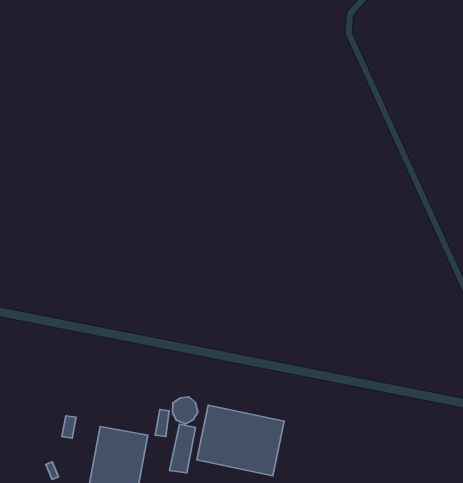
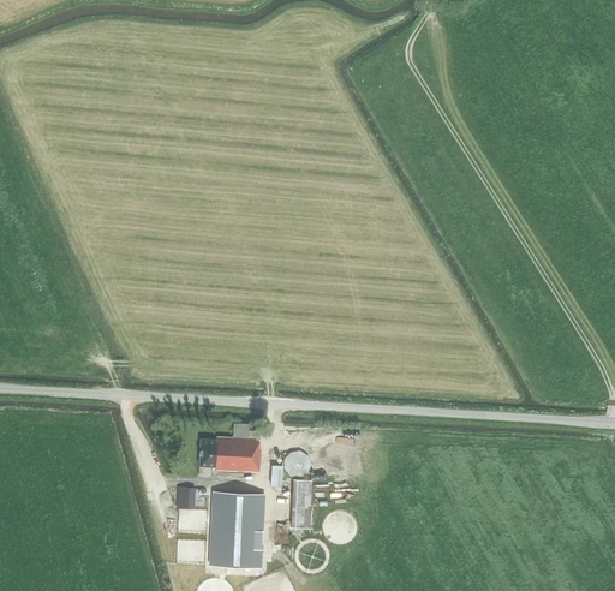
building: none -> [198,426,261,472]
building: [197,405,284,476] -> none

